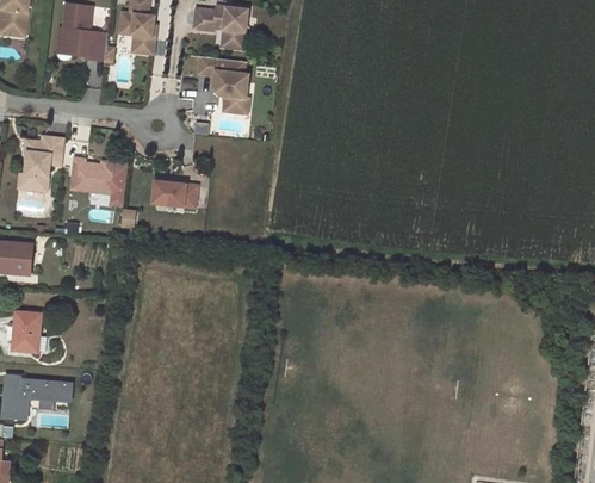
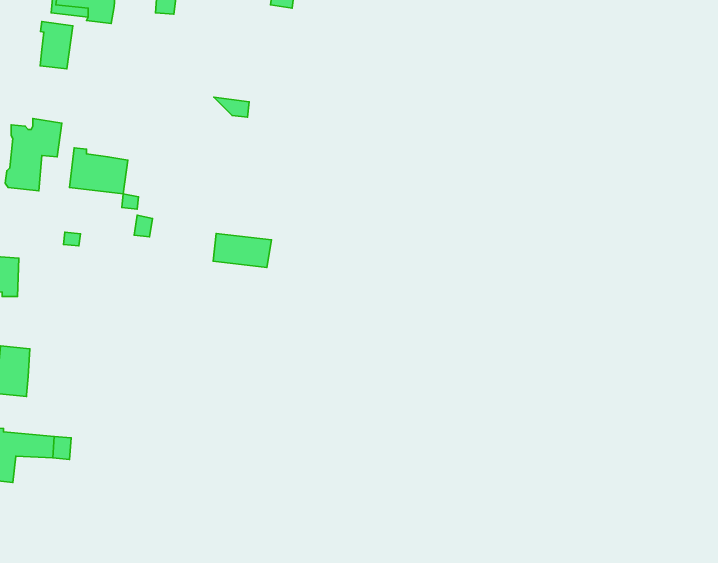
building: [198,56,249,113] -> none
building: none -> [40,21,73,69]
building: [153,181,198,208] -> [213,234,271,267]

